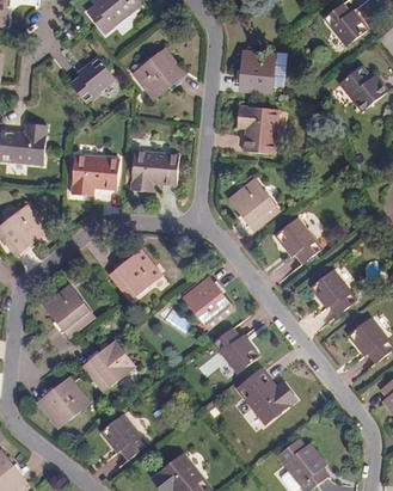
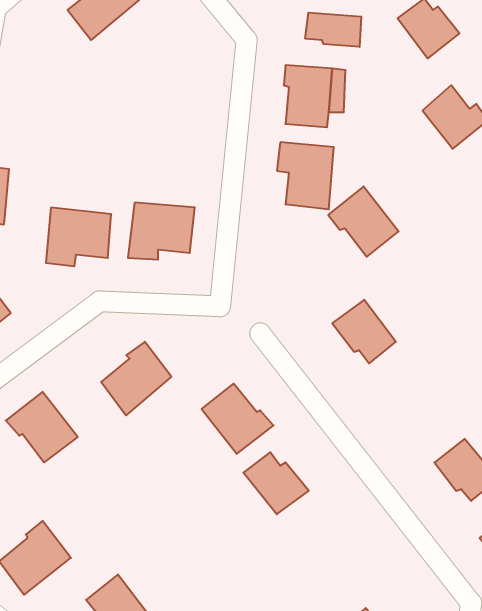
building: none -> [305,13,361,47]
building: [131,48,182,100] -> none
building: [70,56,115,102] -> none
building: [229,178,280,228] -> [328,186,399,257]
building: [309,270,356,315] -> none
building: [85,340,135,392] -> none
building: [237,369,295,423] -> none

